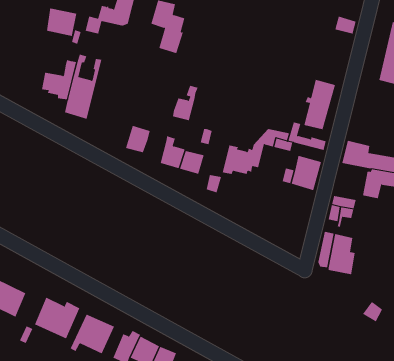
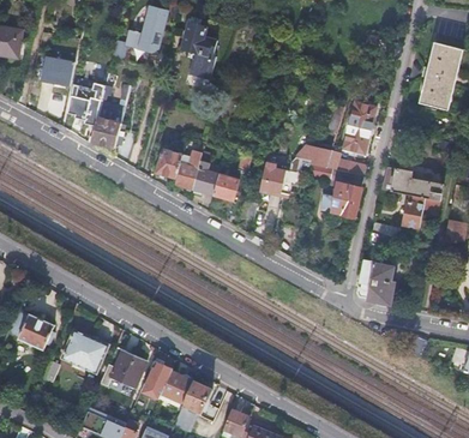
building: [46,8,77,37] -> [42,55,74,85]
building: [172,85,199,121] -> [174,152,202,190]

